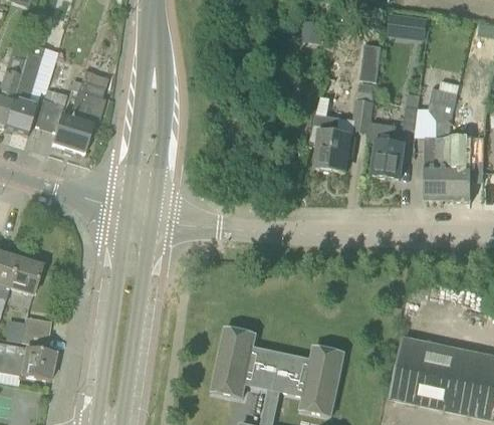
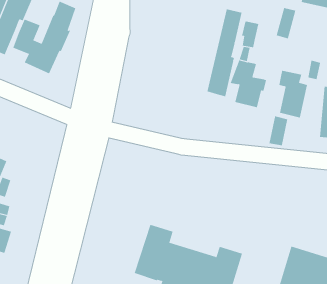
building: none -> [207,8,242,97]
building: [351,98,373,132] -> [241,20,259,48]
building: none -> [269,115,288,146]

